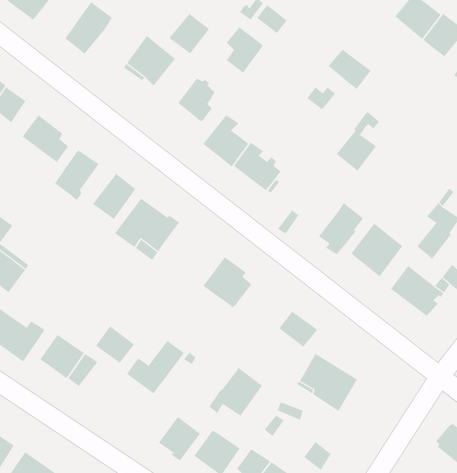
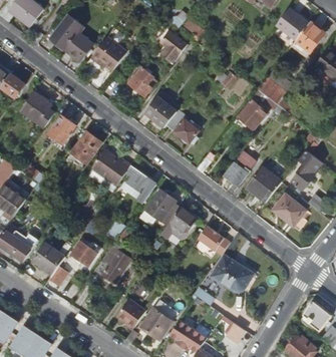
building: [169,13,210,54] -> [64,33,92,61]
building: [327,49,371,90] -> [257,77,287,105]
building: none -> [119,166,147,193]
building: [209,367,263,417] -> [159,206,197,240]

